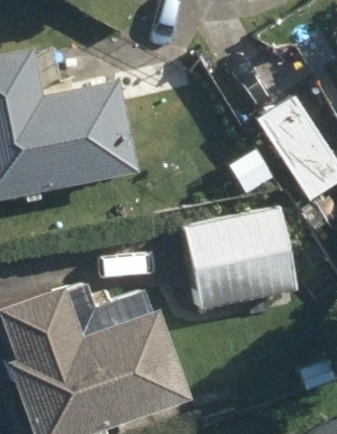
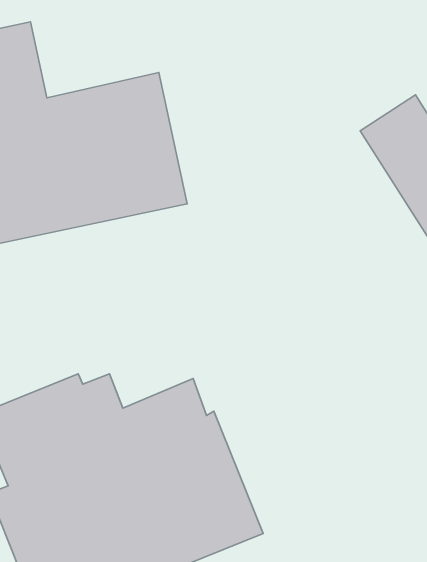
building: [187,215,293,302] -> none

